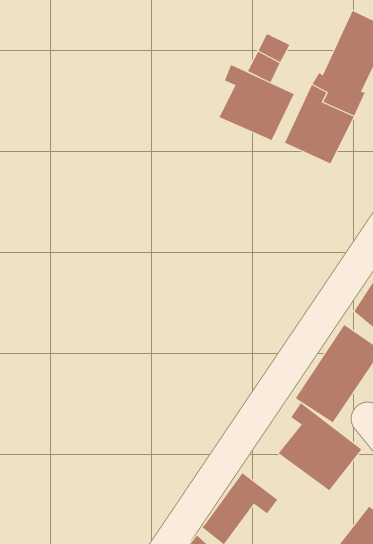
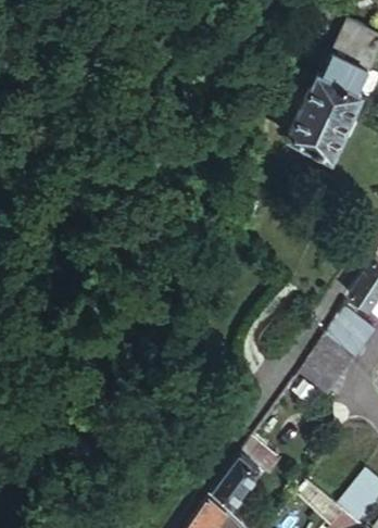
building: [219,64,294,141] -> none
building: [278,402,362,491] -> none

